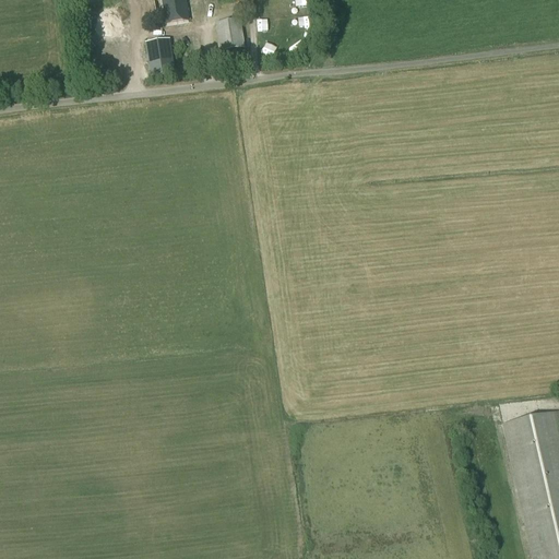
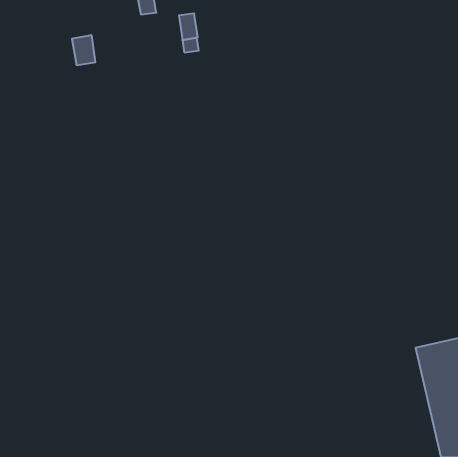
building: [150,35,178,71] -> [72,35,95,65]

